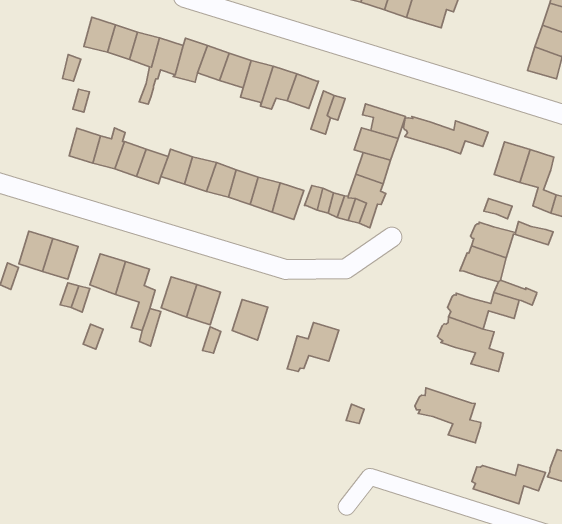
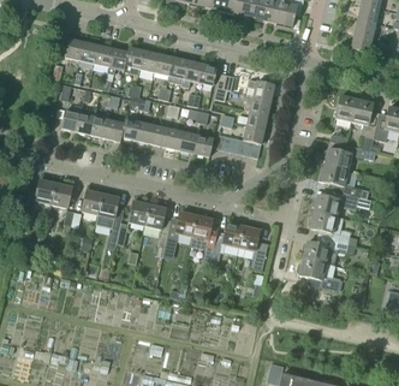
building: [403,116,488,154] -> none
building: none -> [190,215,219,263]
building: none -> [238,226,268,271]
building: [472,465,546,504] -> [302,240,349,266]

